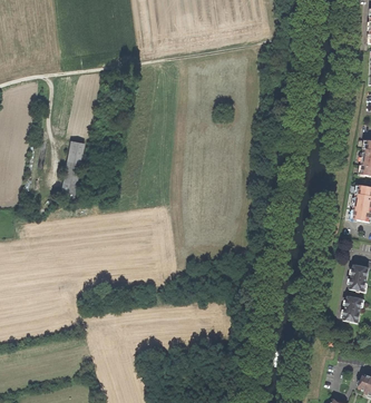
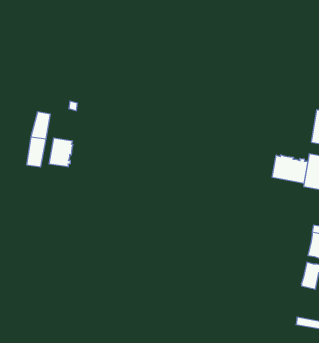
building: none -> [49,138,73,167]
building: none -> [272,155,308,184]

